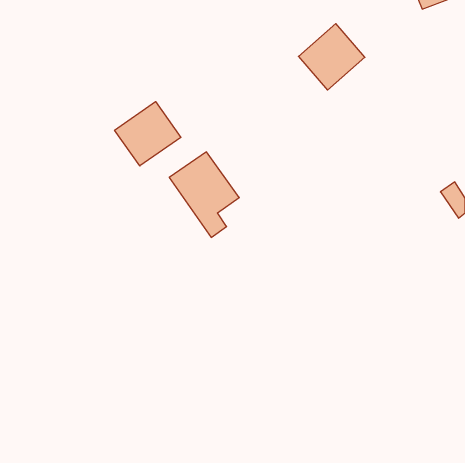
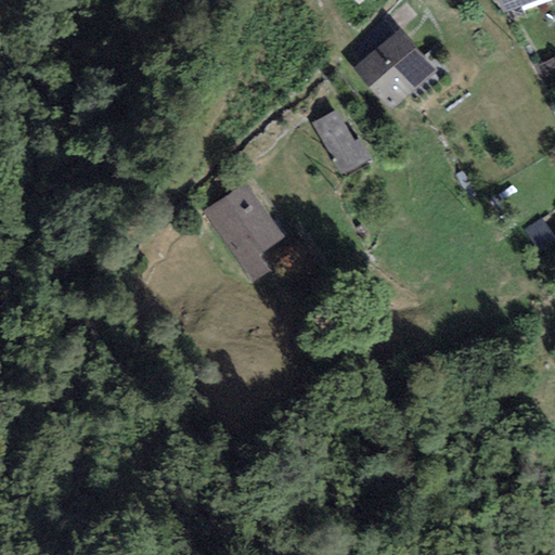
building: none -> [312,107,371,173]
building: [115,102,181,166] -> none

